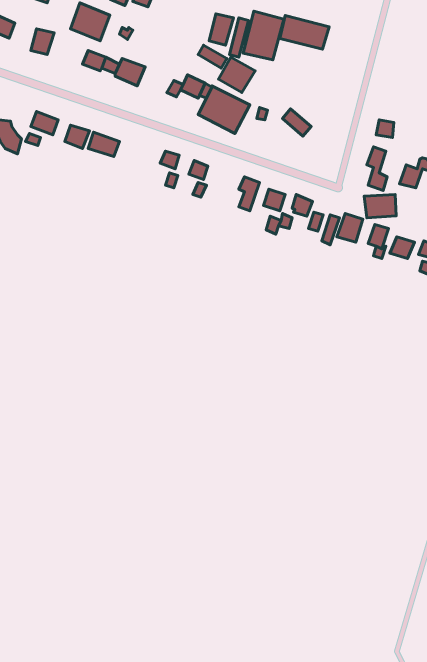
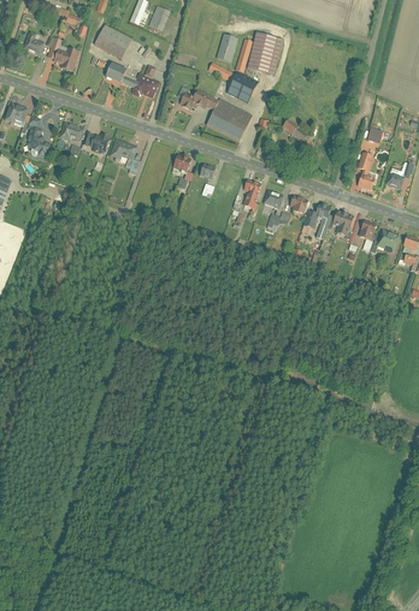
building: [280,16,329,49] -> none
building: [364,195,396,218] -> none

